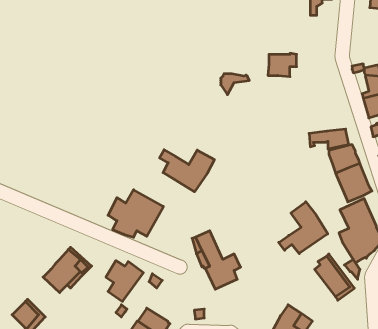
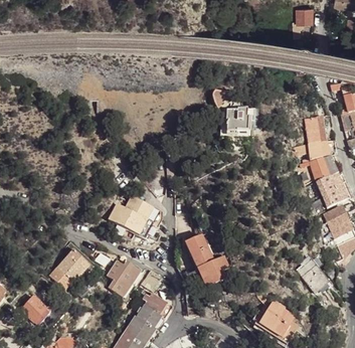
building: [268,53,297,77] -> [227,110,253,131]
building: none -> [304,115,325,142]
building: [160,150,214,192] -> none
building: [279,202,328,254] -> none
building: none -> [142,292,172,317]

